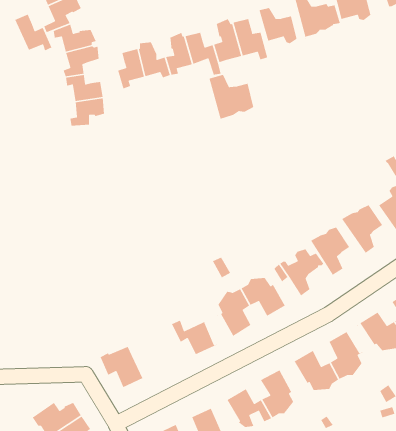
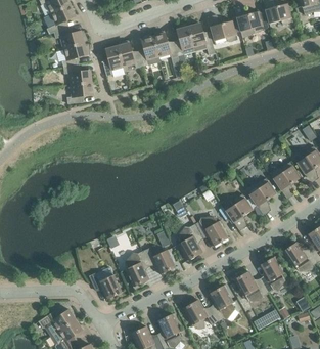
building: [14,14,53,51] -> none
building: [208,74,254,126] -> none
building: none -> [123,251,149,288]

